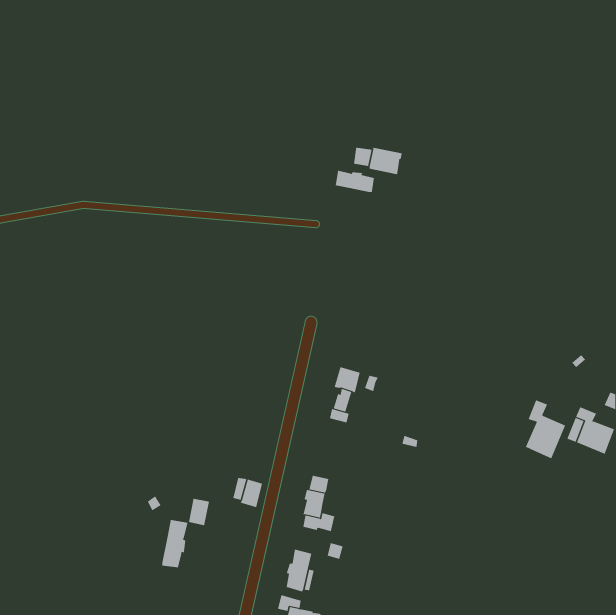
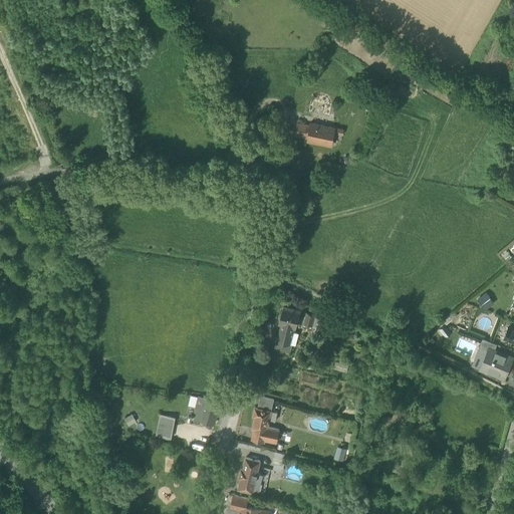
building: [335,170,374,193] -> none
building: [525,399,566,459] -> none
building: [162,519,188,568] -> none

